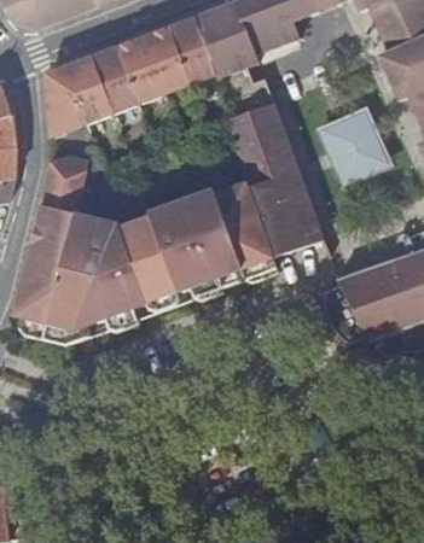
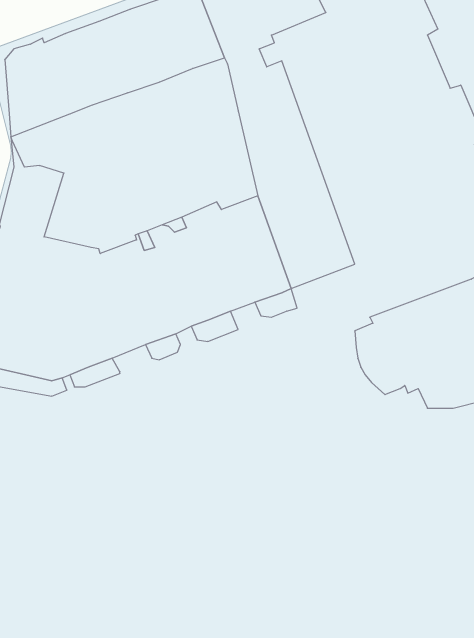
building: [321,107,387,179] -> none

